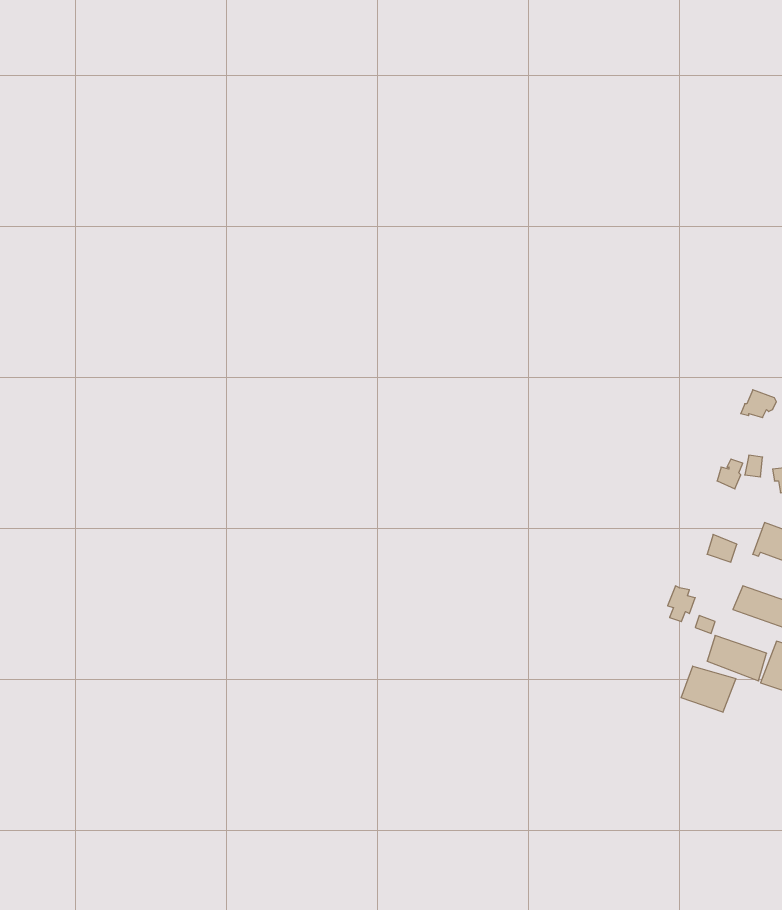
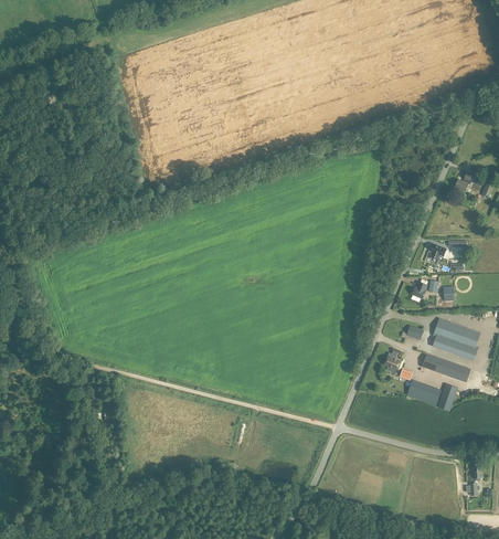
building: [681,666,736,712] -> none

